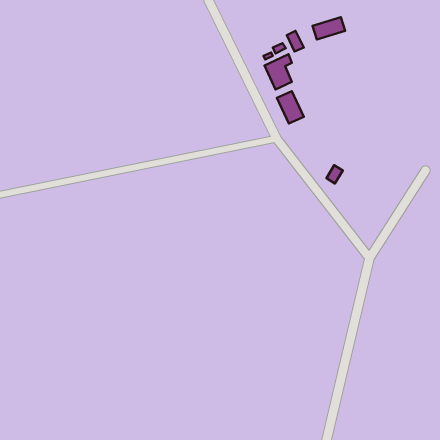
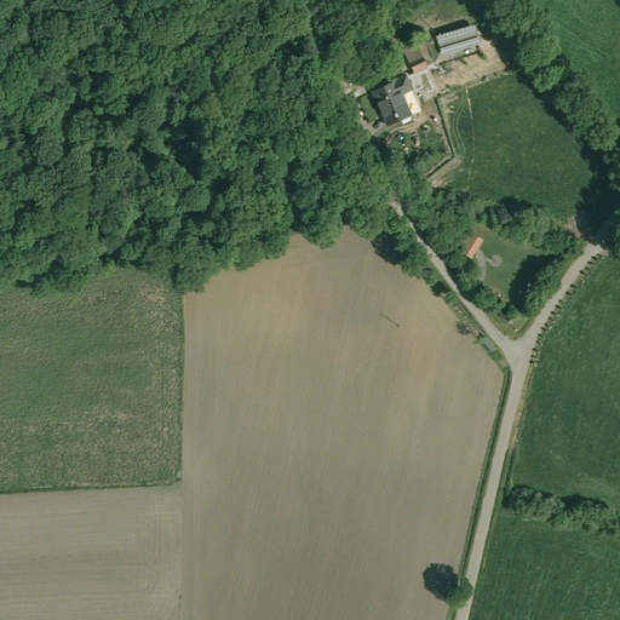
building: [277,91,304,123] -> none

